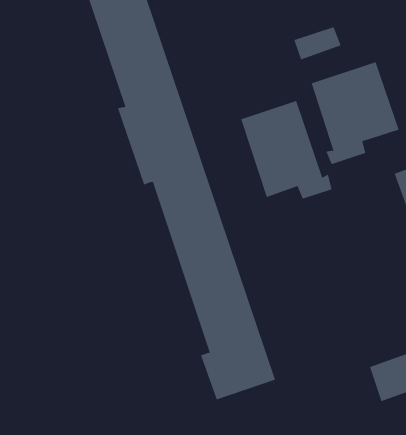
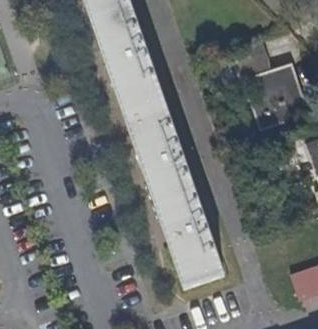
building: [241,100,332,200] -> none

